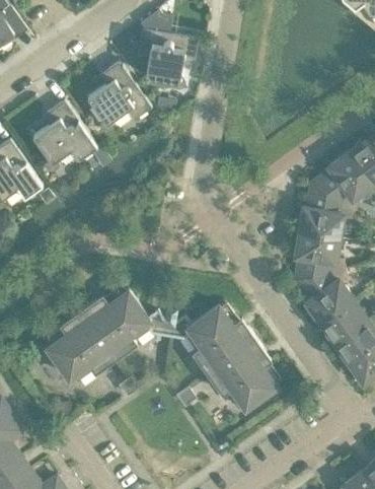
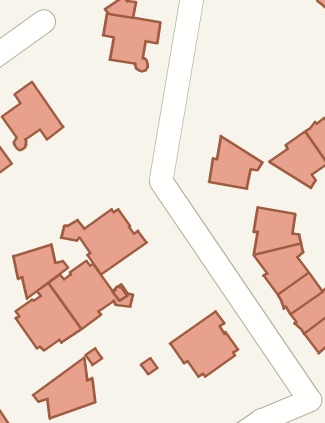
building: [87,62,151,132] -> none
building: [299,184,355,238] -> [209,136,262,189]
building: none -> [13,244,68,299]
building: [166,305,255,373] -> [61,209,147,275]
building: none -> [33,358,95,419]

